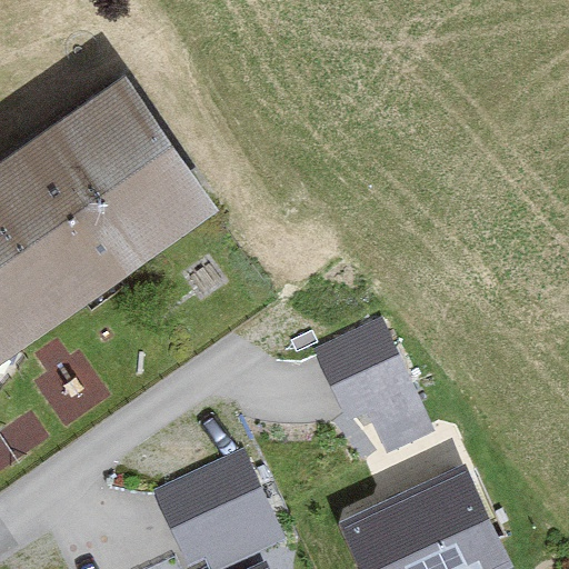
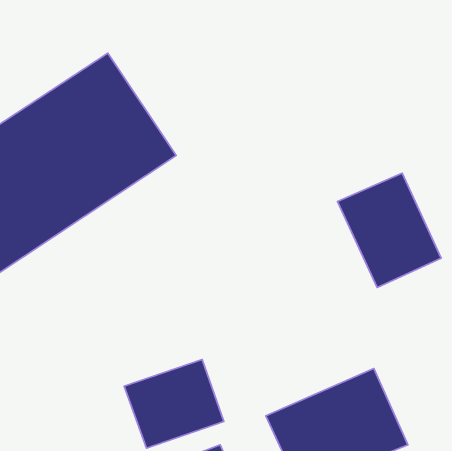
building: none -> [338,173,441,287]
building: [319,325,426,445] -> none

